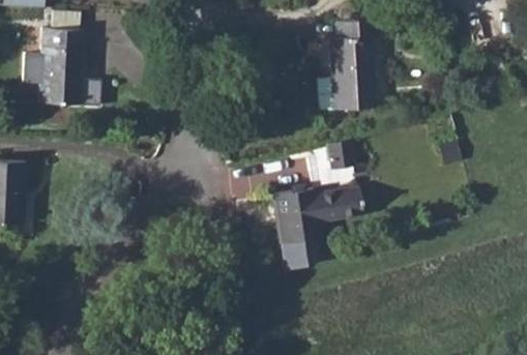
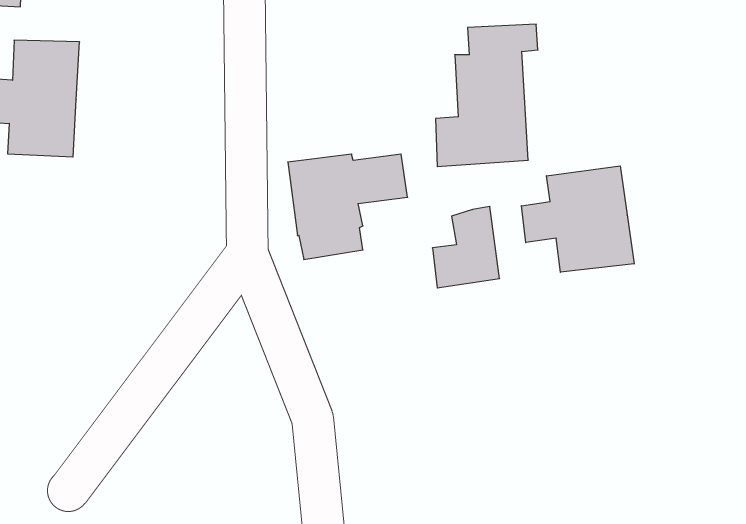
building: none -> [521,166,634,272]
building: [273,189,351,258] -> [288,154,408,259]

